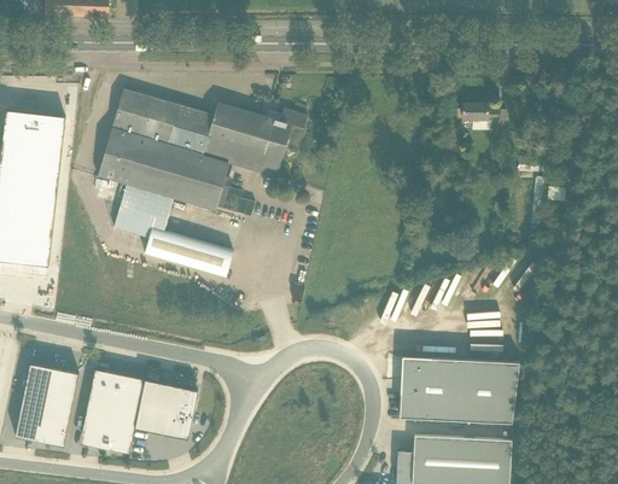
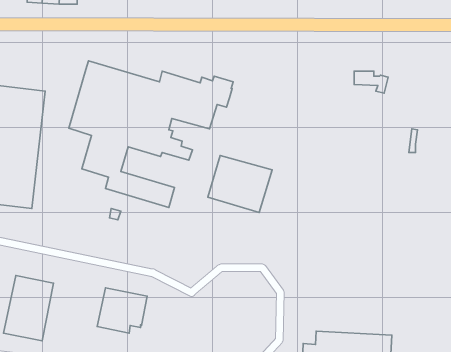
building: none -> [208,156,272,213]
building: [398,356,518,422] -> none
building: [83,369,144,454] -> none

